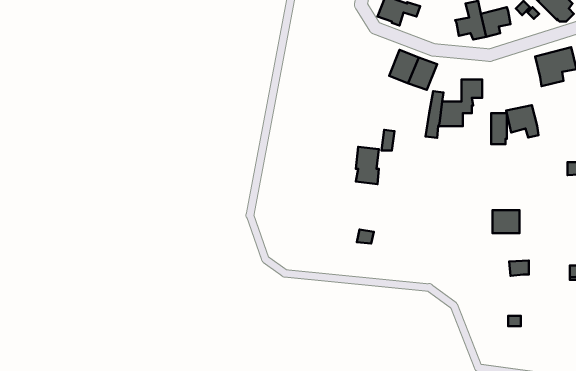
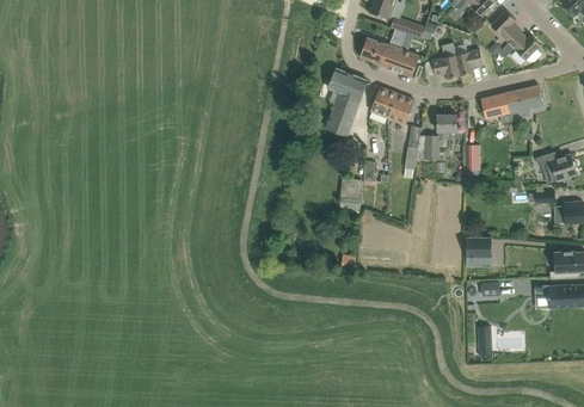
building: none -> [380,47,419,76]
building: none -> [326,68,367,135]
building: [506,105,538,138] -> [481,93,511,123]

